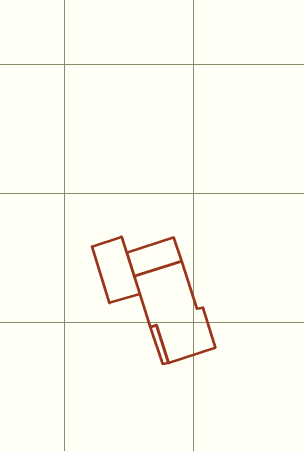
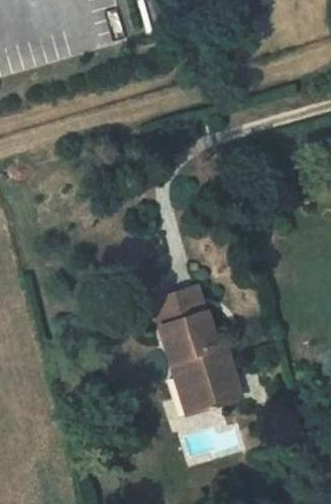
building: [92,237,140,303] -> none

